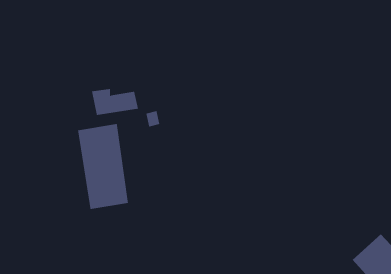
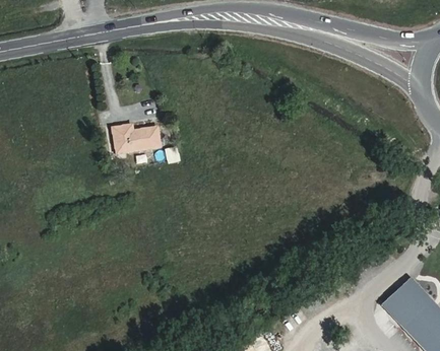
building: [77,123,128,210] -> none

